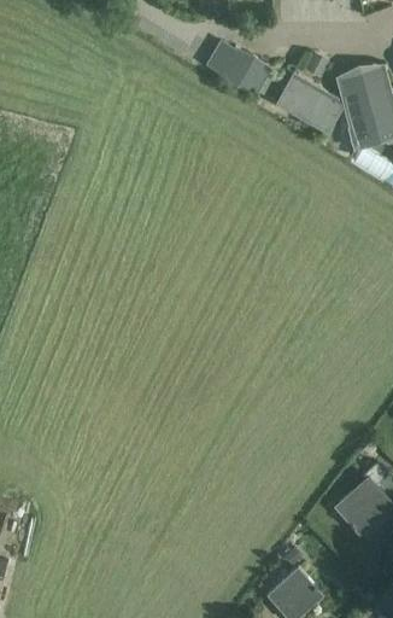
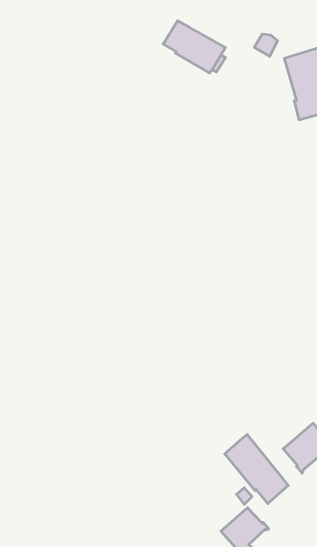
building: [280,77,341,130] -> none
building: none -> [225,434,288,504]

